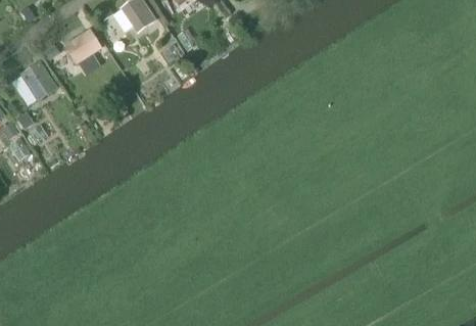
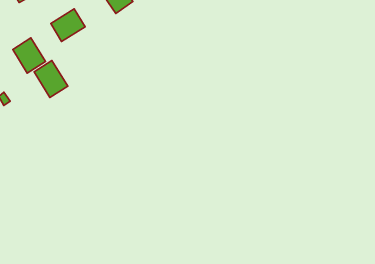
building: none -> [34,61,68,97]

